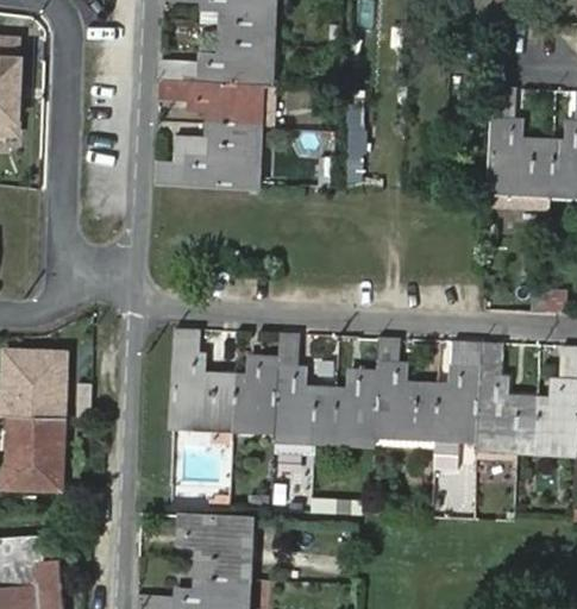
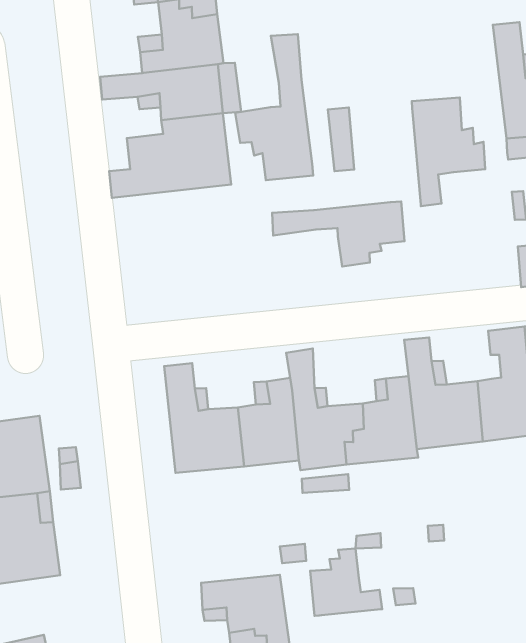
building: none -> [235,34,313,180]
building: none -> [412,97,485,206]
building: none -> [272,201,404,267]
building: none -> [310,549,382,616]

